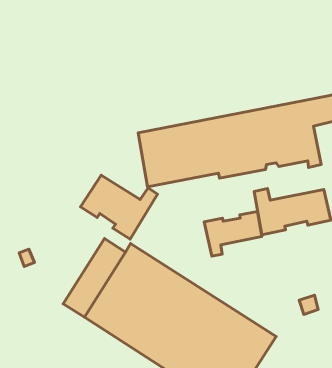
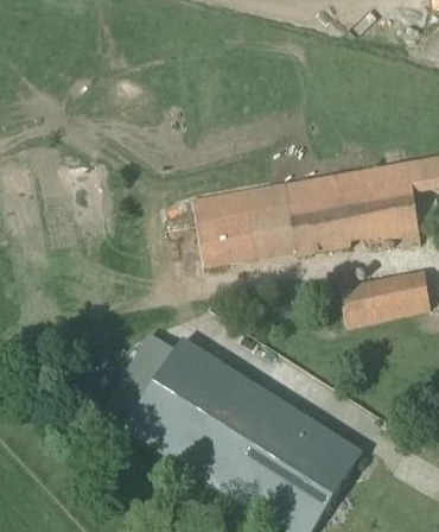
building: [81,175,158,239] -> none
building: [204,211,262,256] -> none

